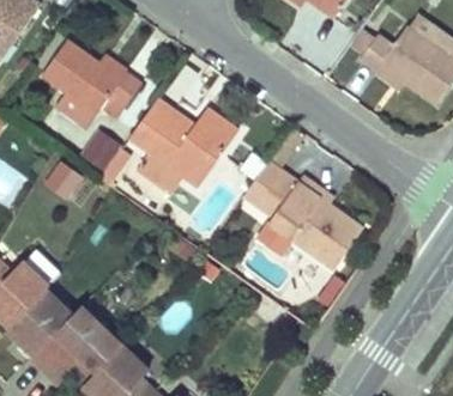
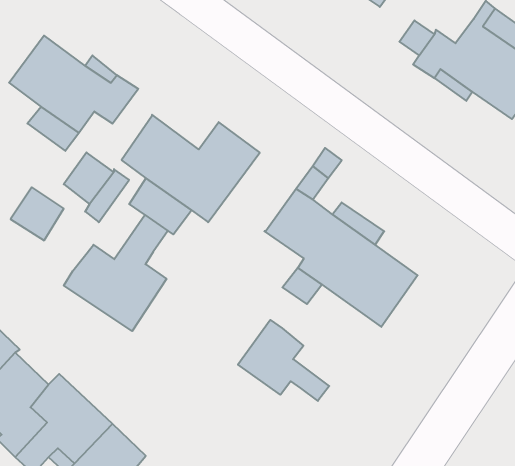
building: none -> [64,215,168,331]
building: none -> [238,320,329,401]

